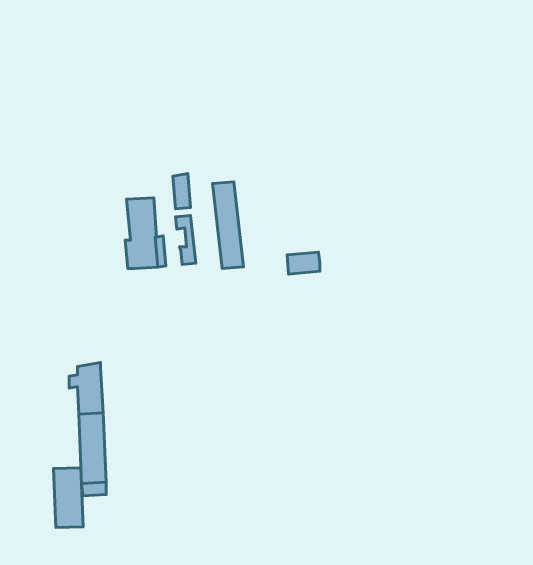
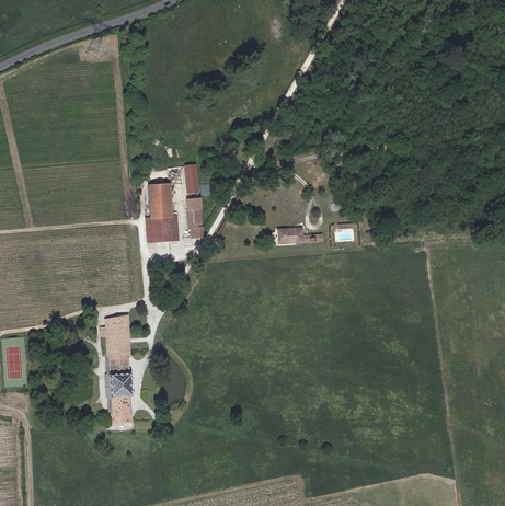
building: [213,182,243,269] -> none
building: [54,468,83,528] -> none

